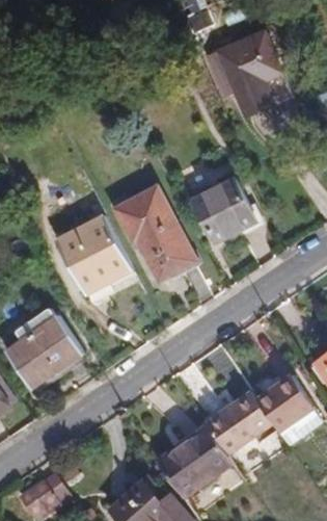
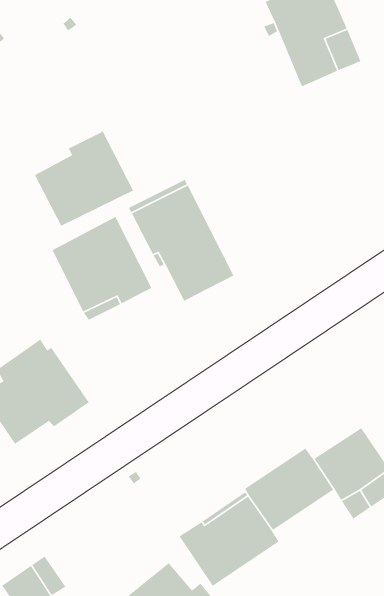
building: none -> [34,130,134,227]
building: [193,178,257,241] -> none

